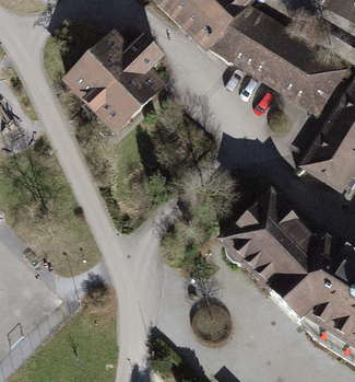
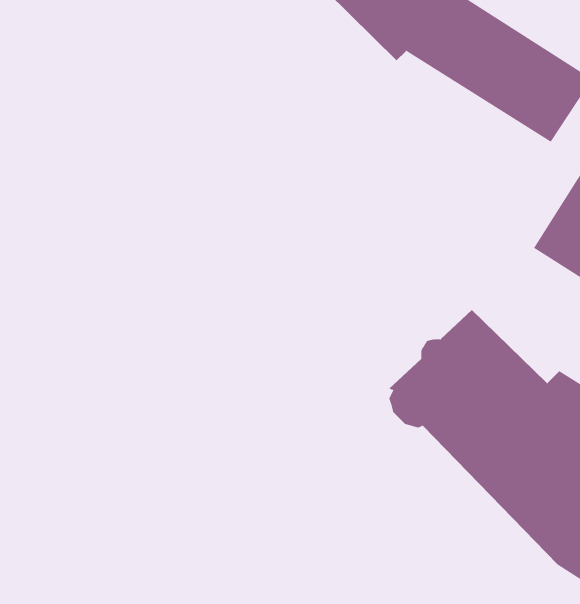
building: [66,39,157,132] -> none

